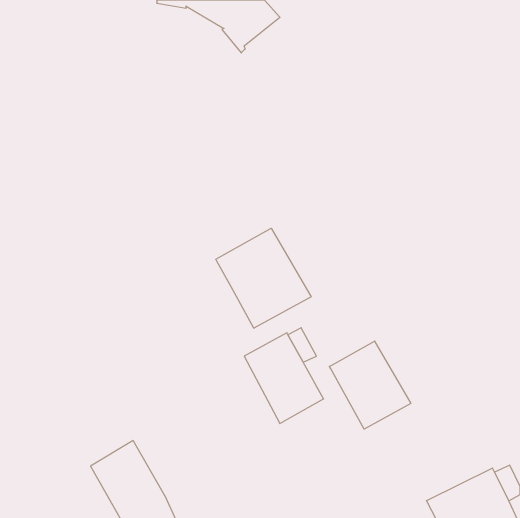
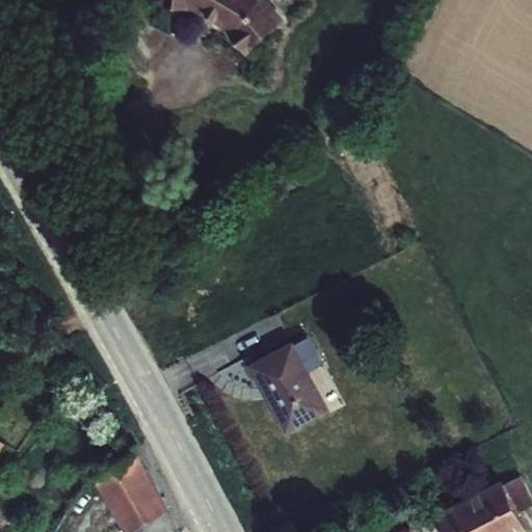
building: [216,228,311,328] -> none
building: [329,341,411,429] -> none

